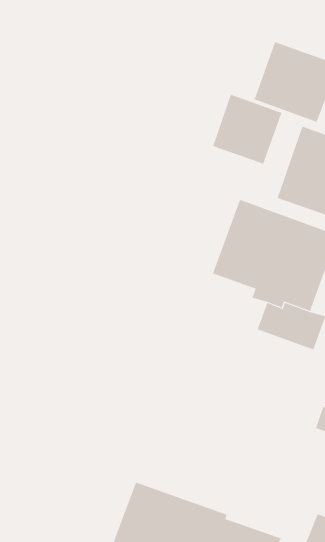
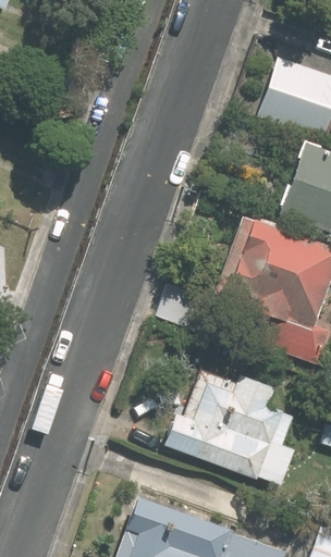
building: [213,94,282,165] -> none
building: none -> [167,368,283,480]

